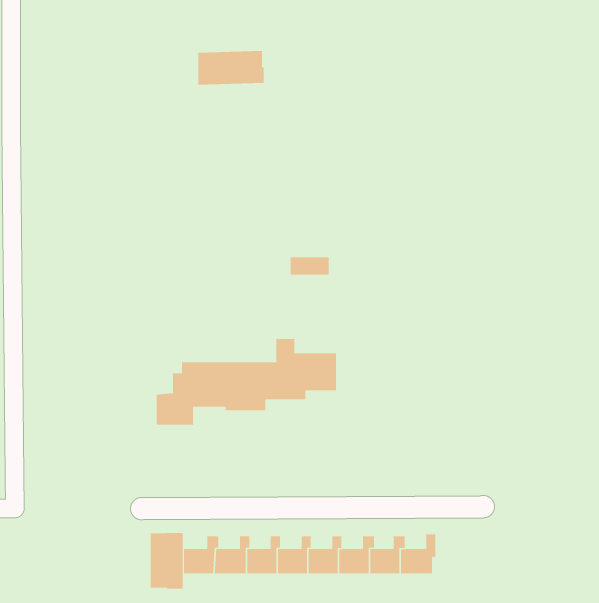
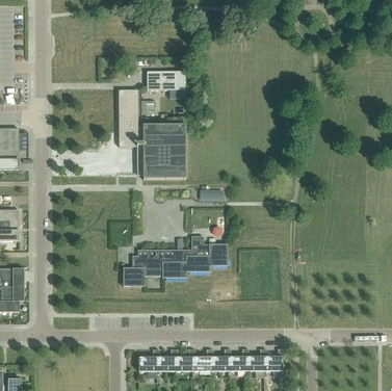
building: none -> [119,88,186,178]
building: [150,532,183,590] -> none

